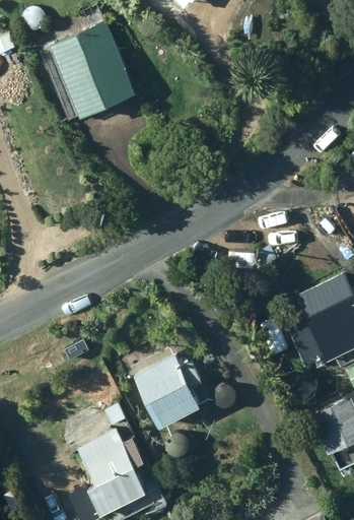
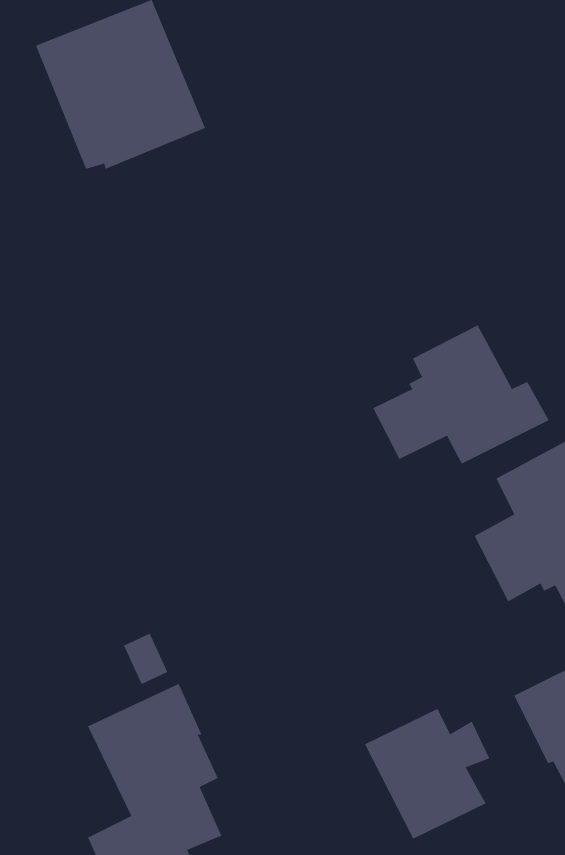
building: none -> [372,324,550,464]
building: [131,355,202,430] -> [364,708,490,839]

